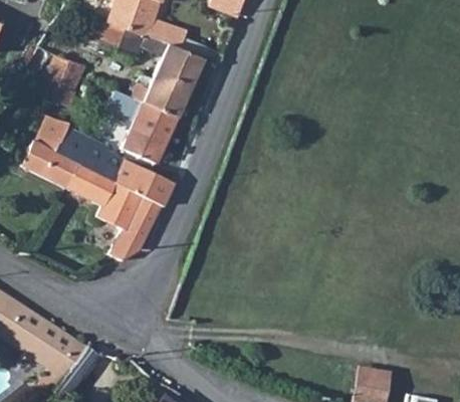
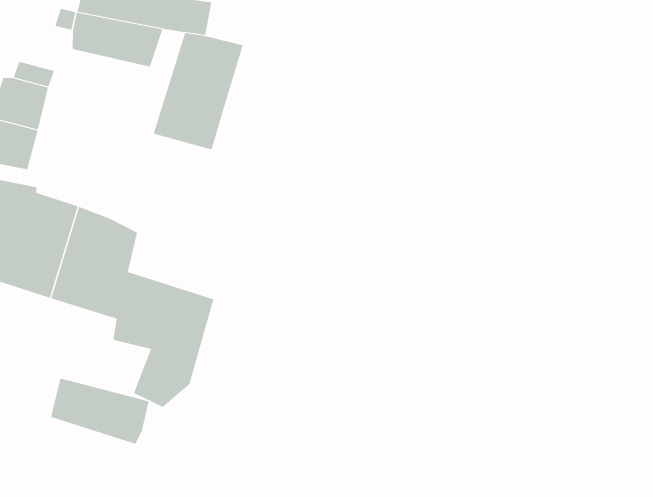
building: [107,91,176,162] -> none
building: [116,159,175,205] -> [51,378,150,444]

